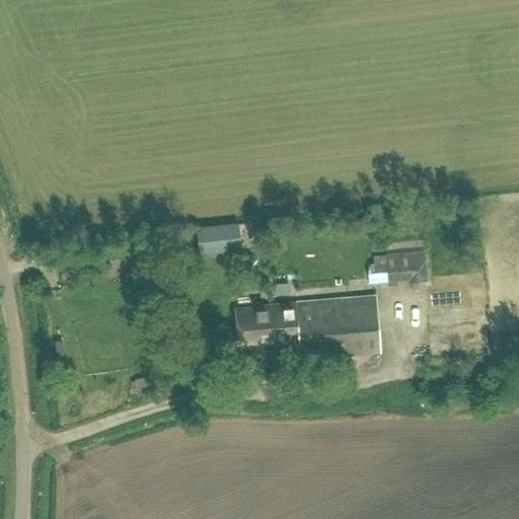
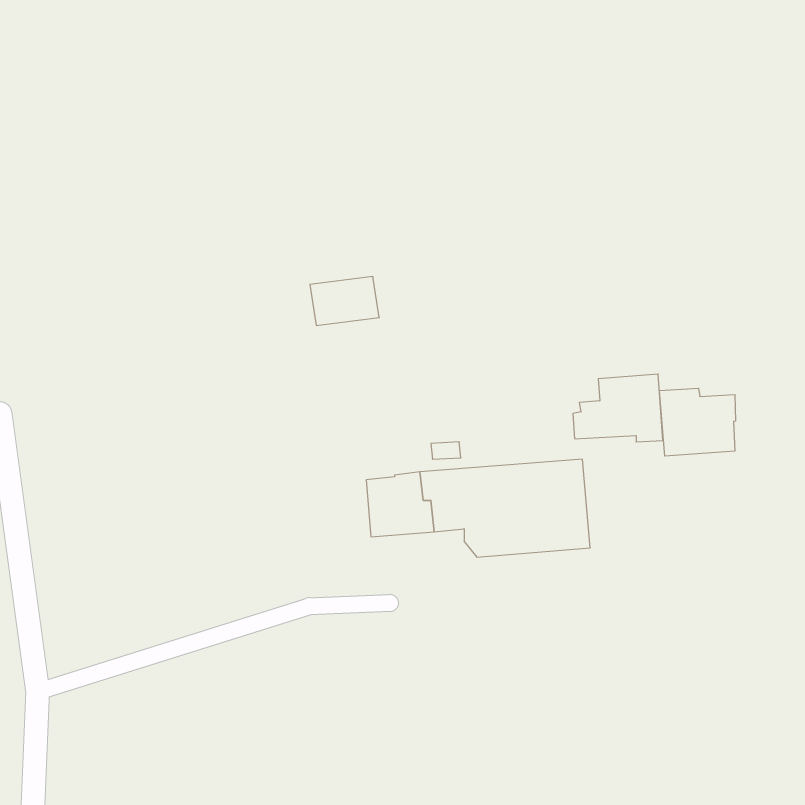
building: [197,223,241,254] -> [310,277,379,325]
building: none -> [659,388,735,456]

